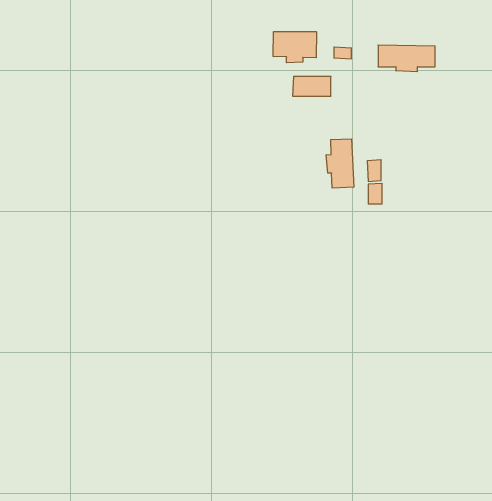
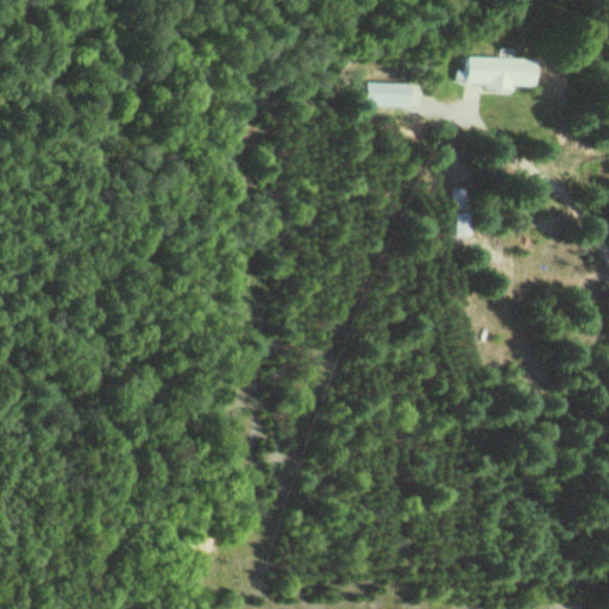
building: [273,32,316,63] -> none
building: [326,139,354,188] -> none

